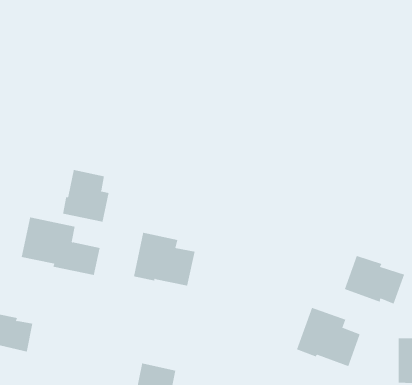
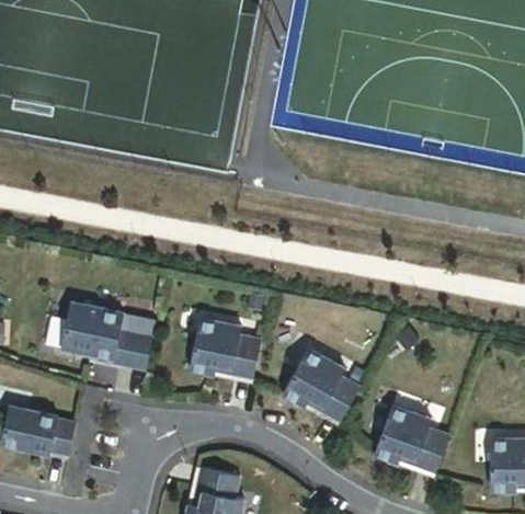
building: [62,169,109,222] -> none
building: [344,255,405,304] -> none
building: none -> [283,349,358,422]

